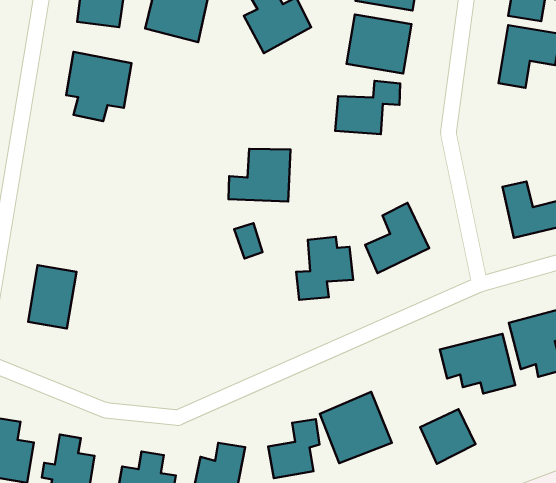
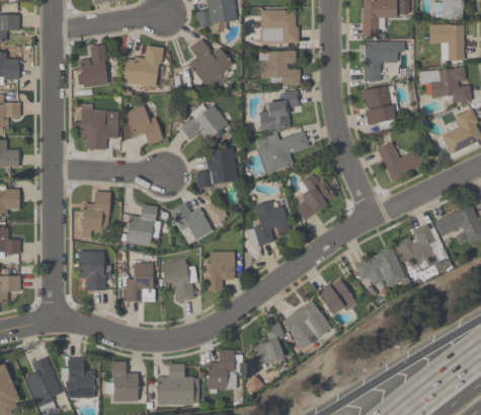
building: none -> [125,105,163,144]
building: none -> [179,101,229,140]
building: none -> [363,85,395,124]
building: none -> [255,132,309,172]
building: none -> [82,191,110,236]
building: none -> [126,203,160,246]
building: none -> [169,201,213,244]
building: none -> [207,250,235,290]
building: none -> [126,263,154,301]
building: none -> [161,259,196,300]
building: [420,409,476,464] -> [317,276,355,315]

